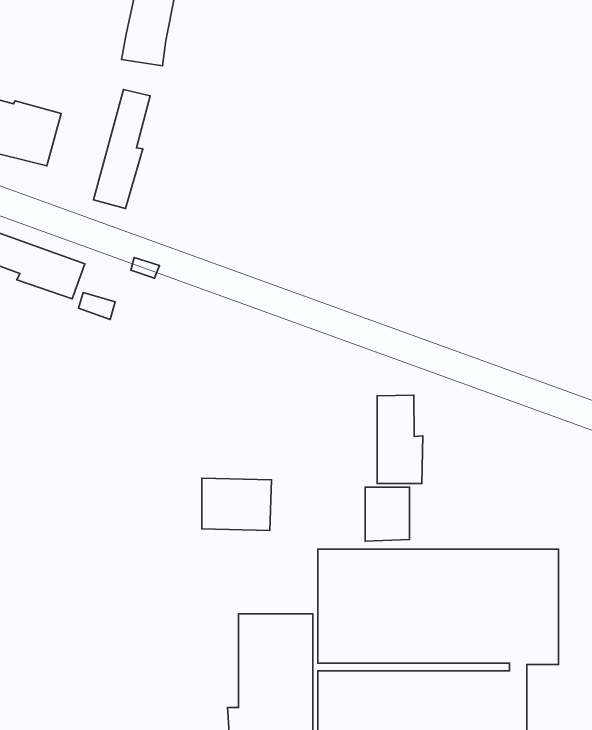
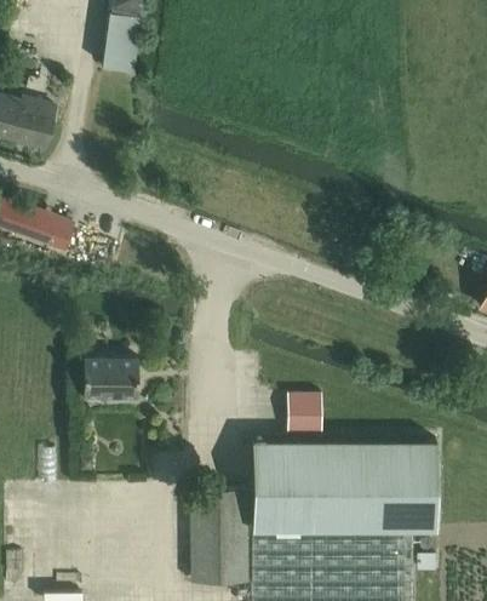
building: [93,89,150,209] -> none
building: [377,395,423,484] -> none
building: [202,478,271,530] -> [85,359,138,399]

